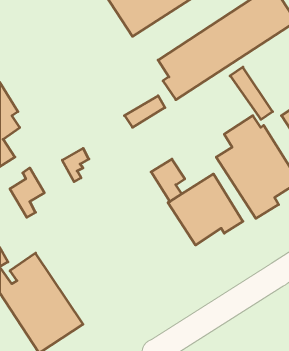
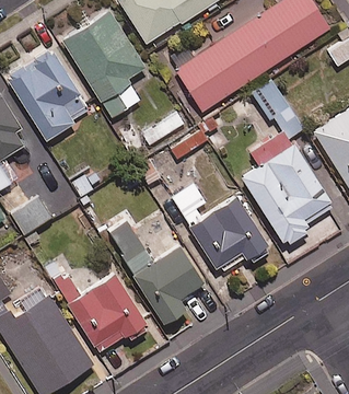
building: none -> [61,11,146,118]
building: none -> [5,49,91,142]
building: none -> [106,221,203,325]
building: none -> [46,263,146,354]

